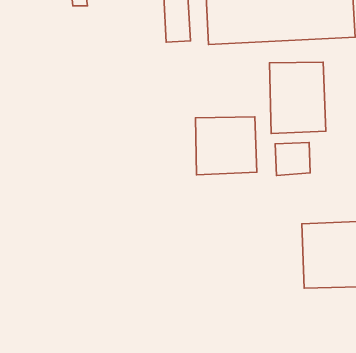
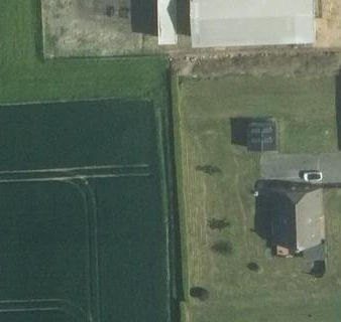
building: [269,62,326,133] -> none
building: [195,117,257,175] -> none

